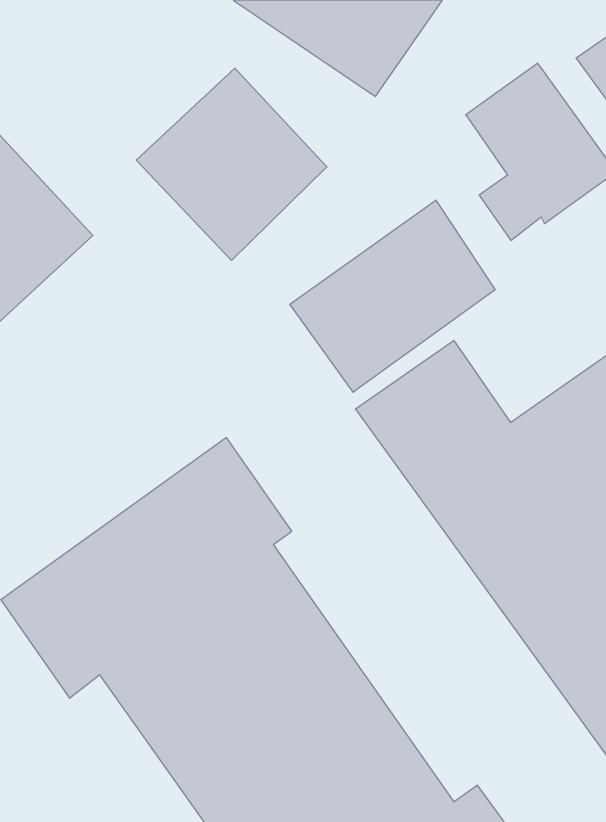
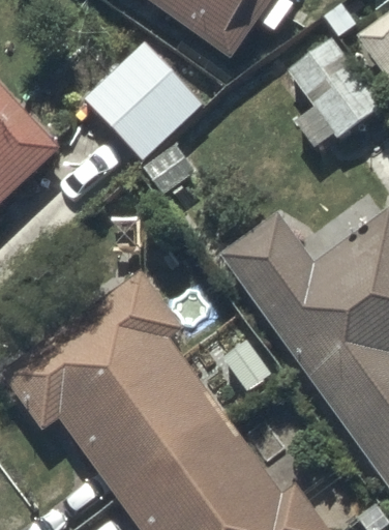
building: [290,200,495,392] -> none

